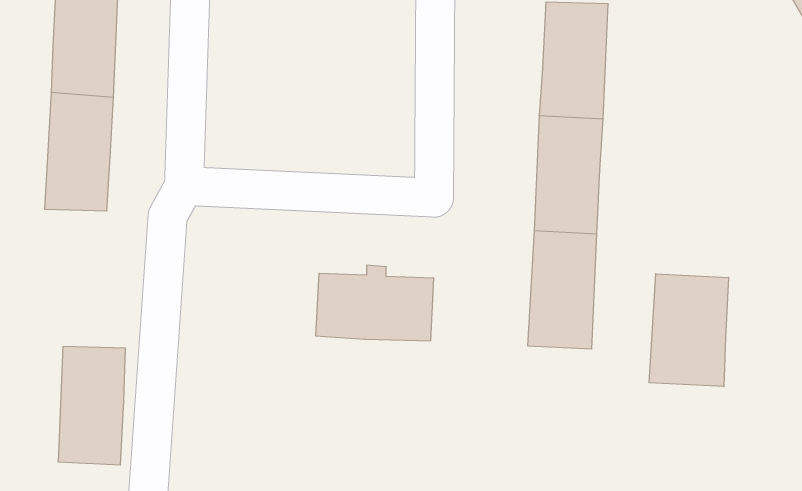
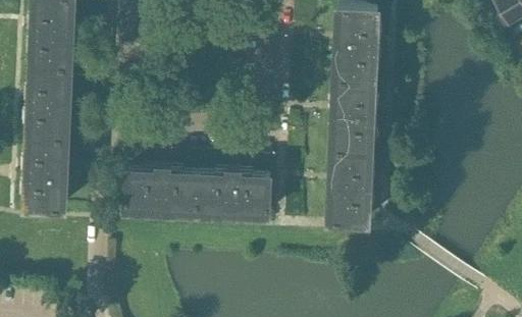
building: none -> [125,165,199,212]
building: [649,274,729,387] -> none
building: [58,347,125,465] -> [25,134,67,207]

